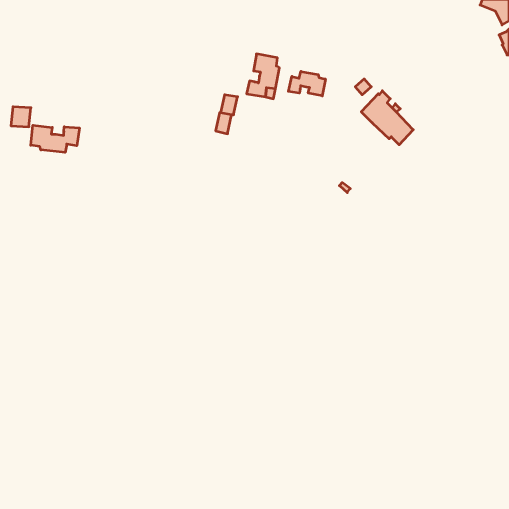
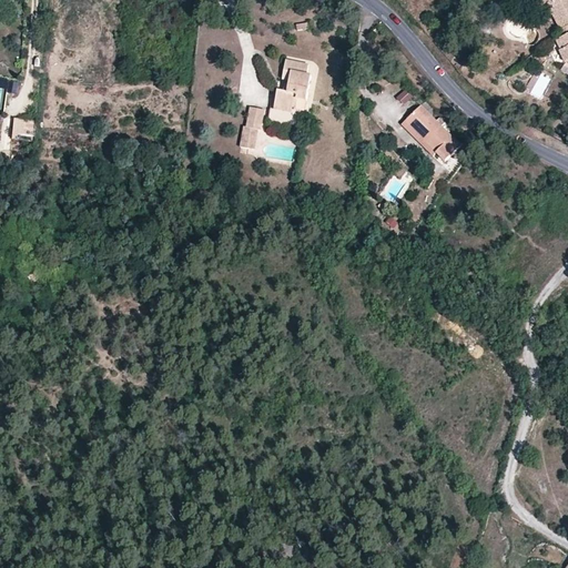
building: [288,71,325,96] -> none
building: [31,125,79,152] -> none

